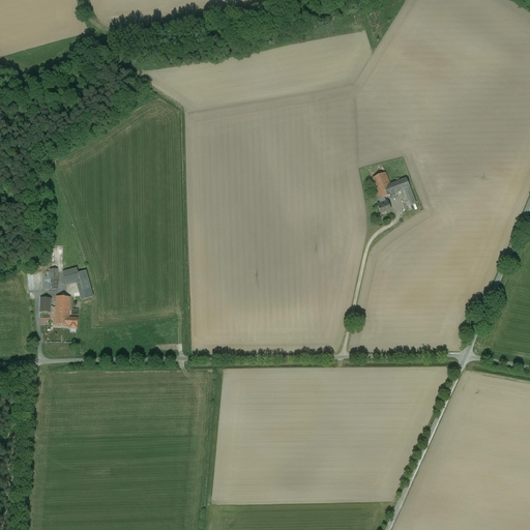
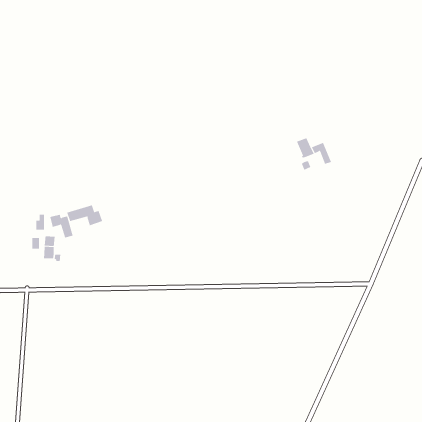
building: none -> [67,205,103,226]

